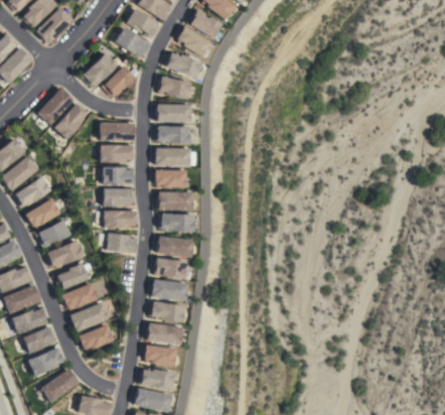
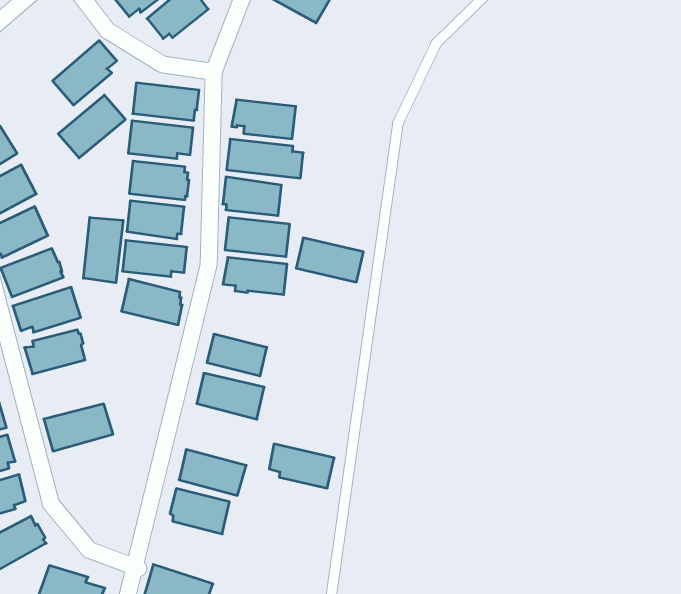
building: [158,76,191,99] -> none
building: [37,88,73,124] -> [58,95,125,158]
building: [157,104,190,122] -> none
building: none -> [83,217,123,283]
building: [158,236,194,257] -> [296,238,363,282]
building: [61,283,97,310] -> none
building: [151,301,186,322] -> [269,444,334,488]
building: [78,324,113,351] -> none
building: [141,368,177,391] -> none

